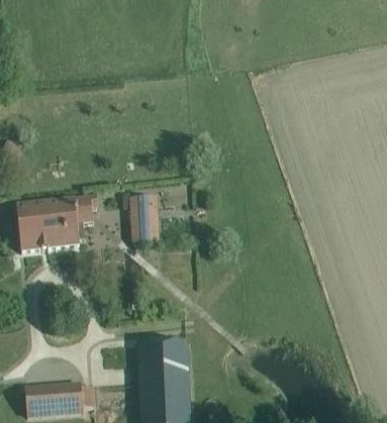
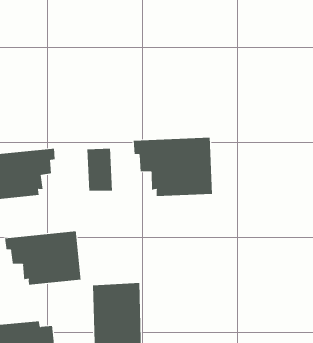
building: none -> [133,137,213,197]
building: none -> [5,231,81,285]

